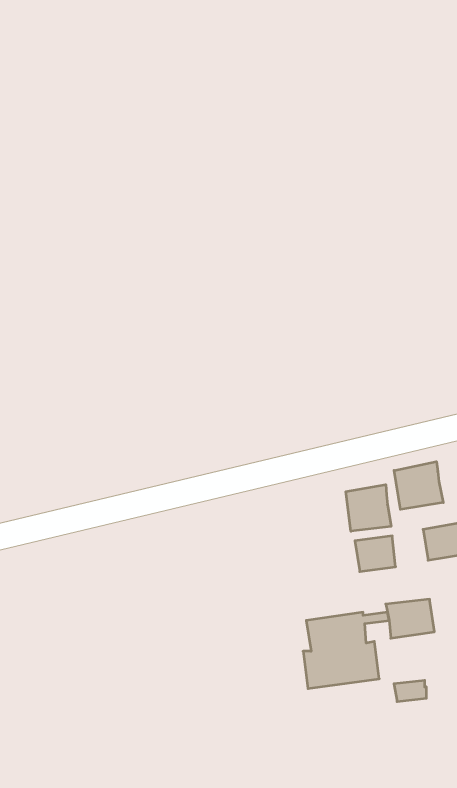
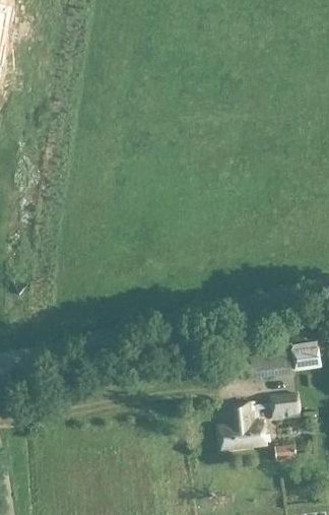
building: [394,462,443,509] -> none
building: [346,485,391,531] -> none

